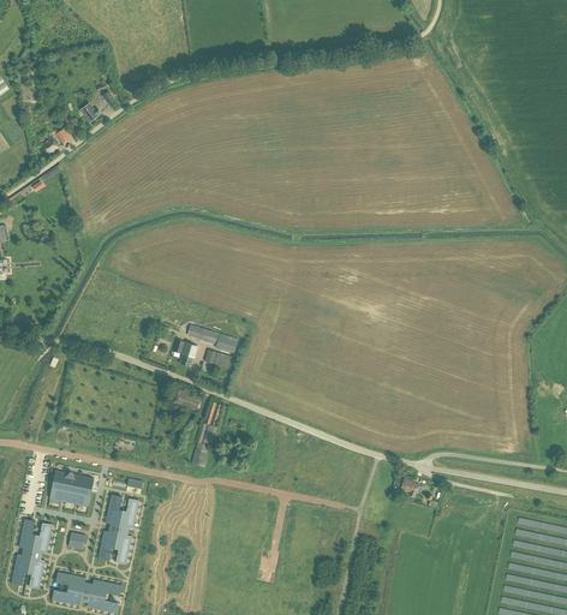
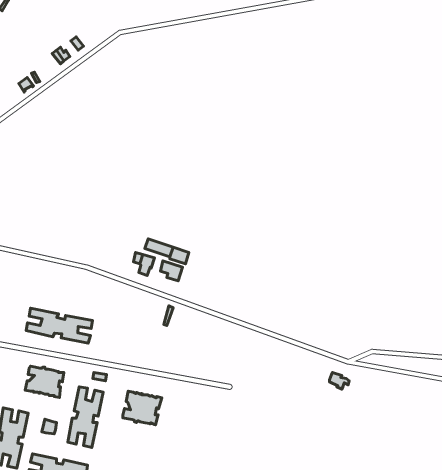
building: none -> [26,308,92,343]
building: none -> [123,391,162,425]

